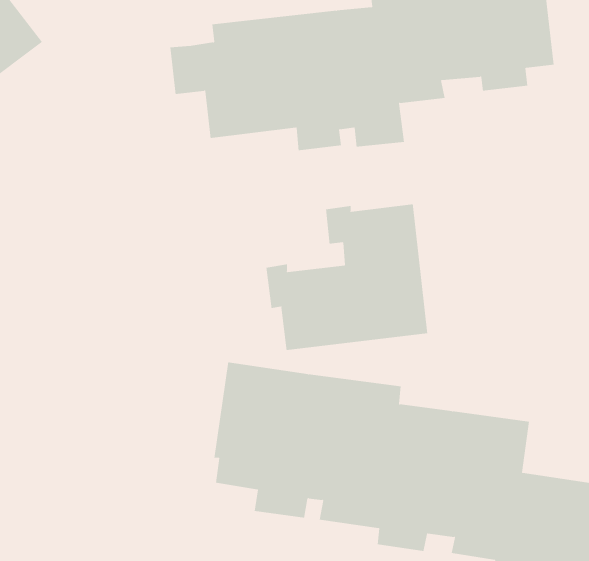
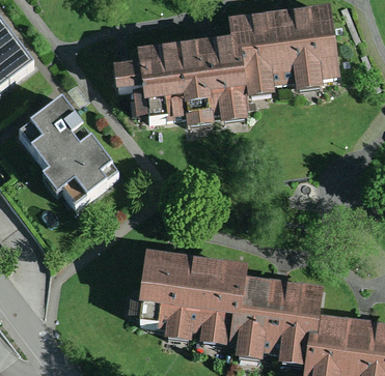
building: none -> [16,96,119,204]
building: [266,204,428,351] -> none

